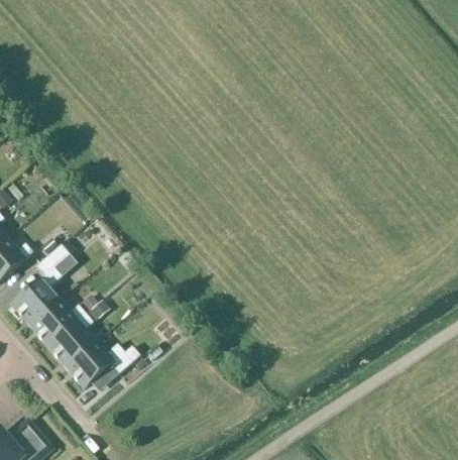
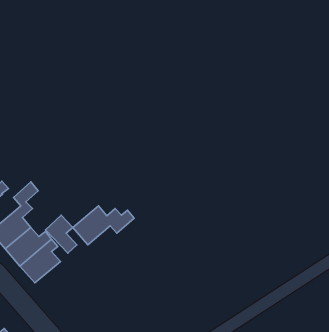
building: [65,341,139,388] -> [73,206,134,245]

